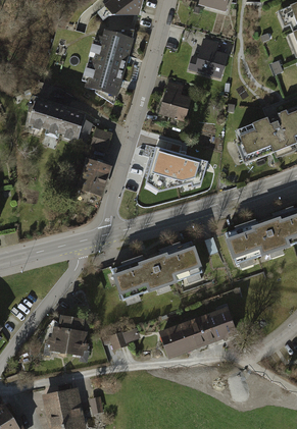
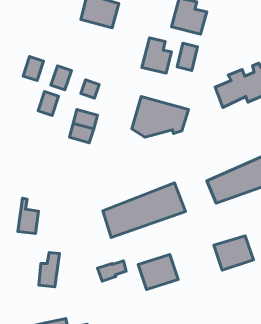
building: [83,60,126,97] -> none
building: none -> [177,43,198,70]
building: [43,106,65,132] -> [38,91,59,116]
building: [189,308,233,345] -> [214,236,254,270]
building: [62,317,85,356] -> [18,198,38,233]

